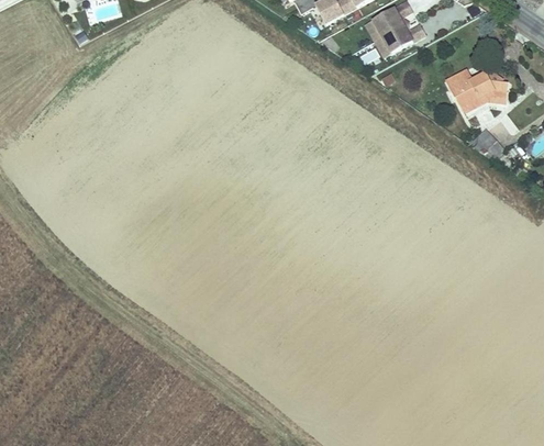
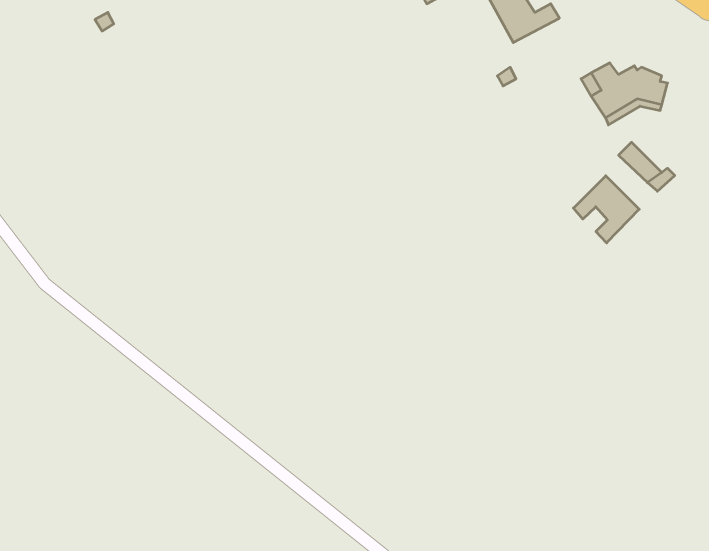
building: none -> [573,176,639,243]

